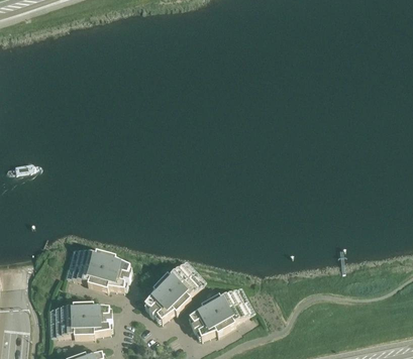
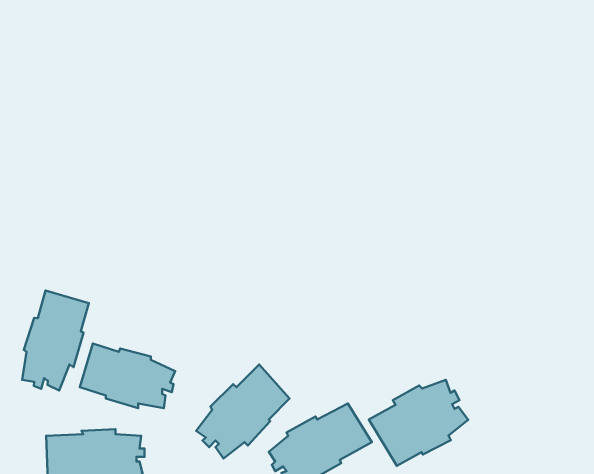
building: none -> [22,290,89,391]
building: none -> [369,380,468,466]

